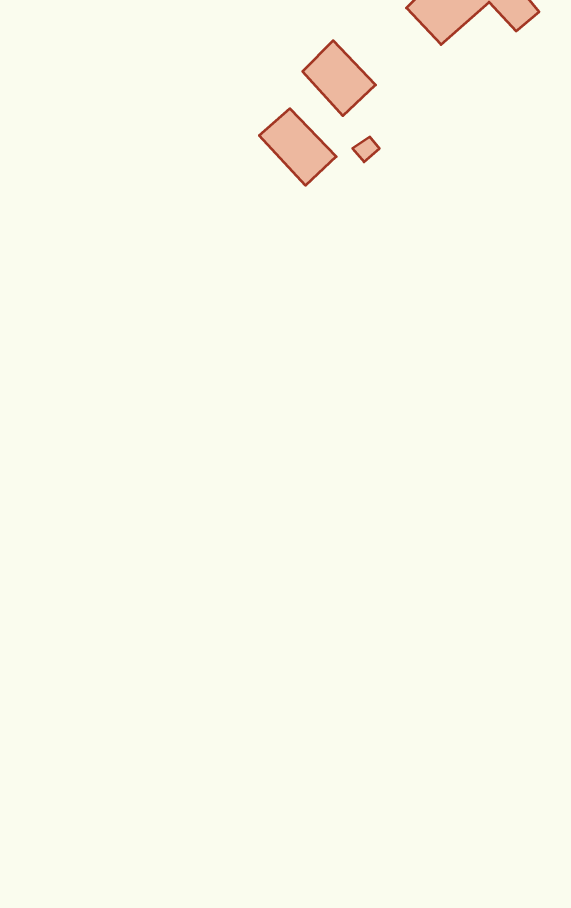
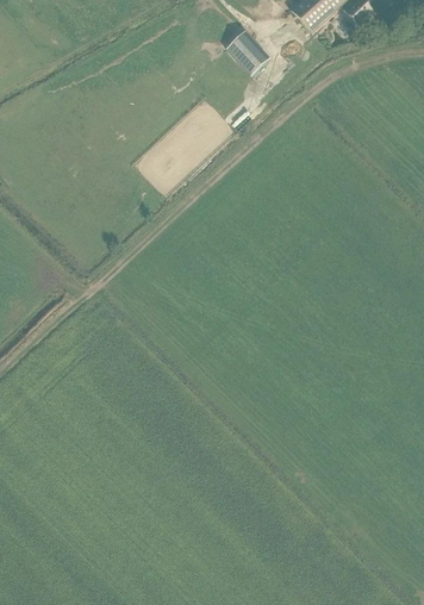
building: [259,109,336,185] -> none

